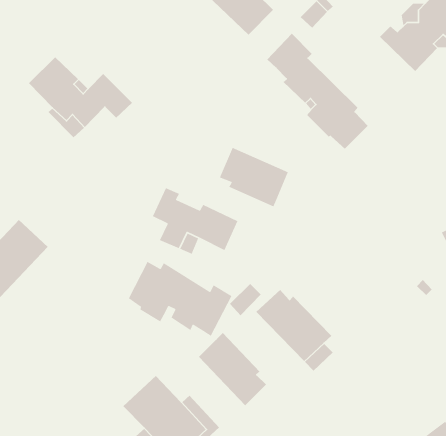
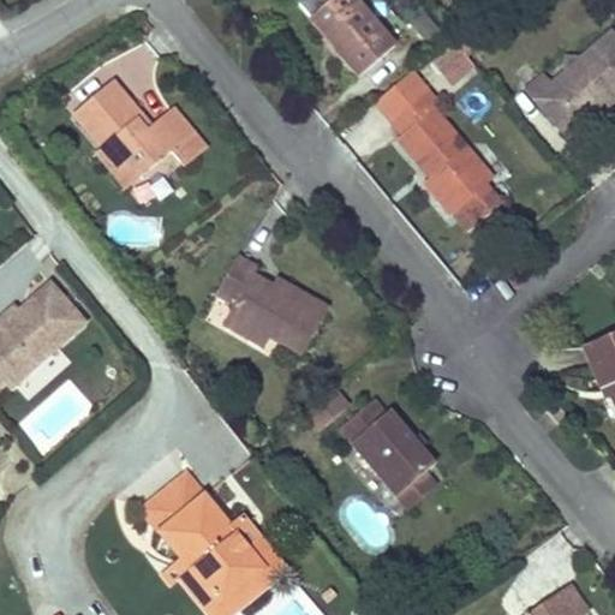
building: [219,147,289,208] -> none
building: [128,261,233,337] -> none
building: [198,332,267,406] -> none
building: none -> [143,472,205,531]

